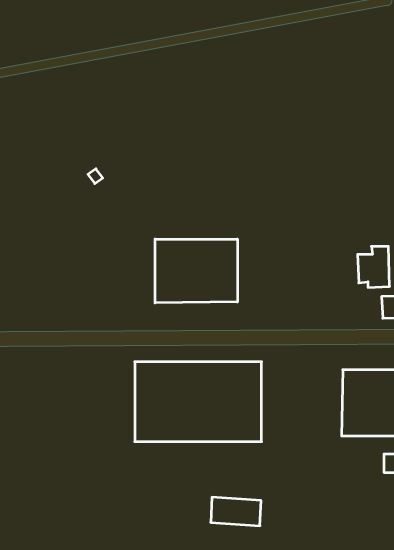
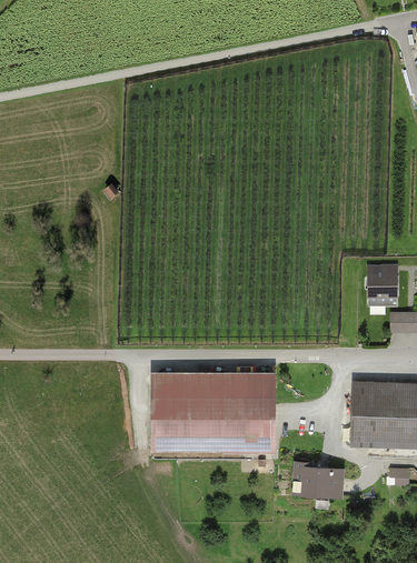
building: [155,239,237,303] -> none
building: [211,497,261,526] -> [294,468,342,495]

